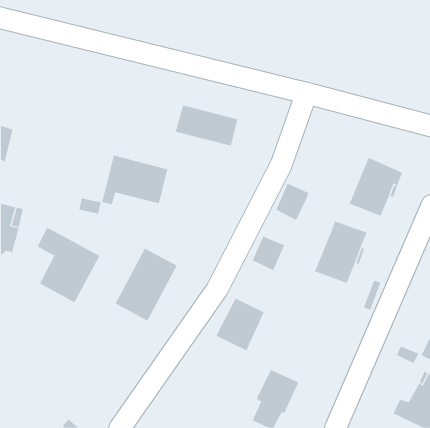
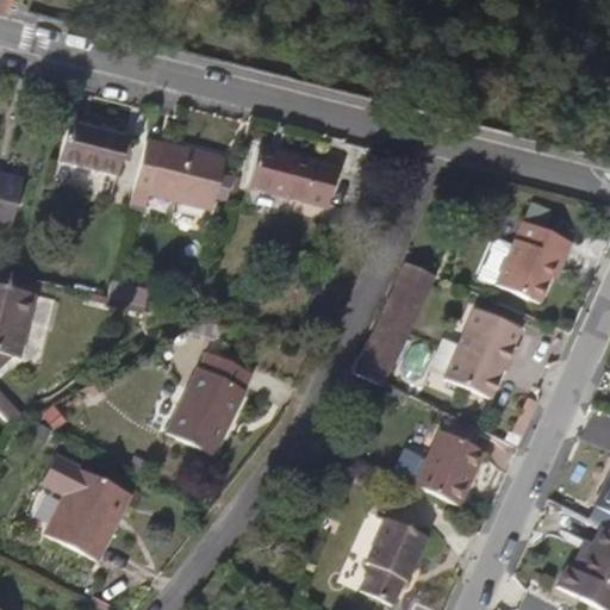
building: none -> [60,119,127,175]
building: [101,155,168,205] -> [131,138,225,208]
building: none -> [373,295,421,346]
building: [37,227,100,303] -> [39,449,129,556]
building: [216,298,265,351] -> [416,432,485,508]

